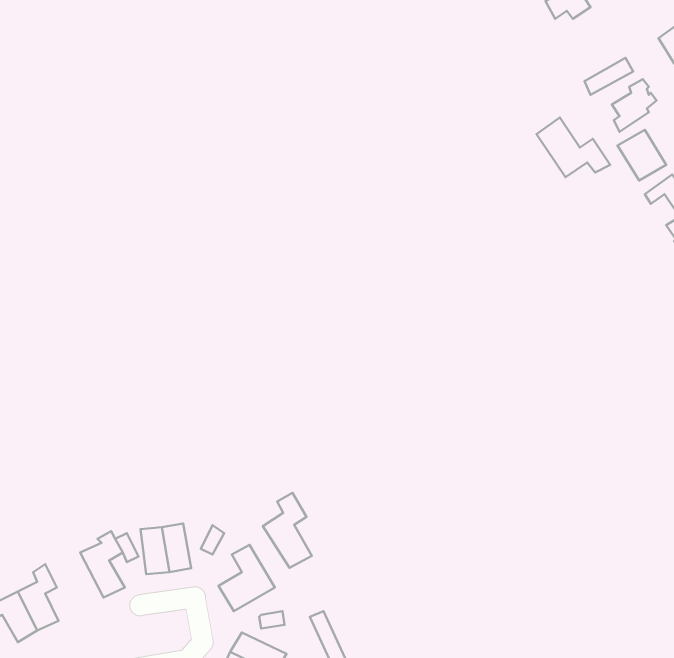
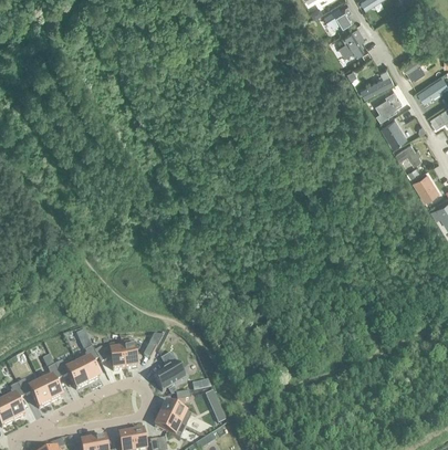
building: [537,117,610,177] -> none
building: [263,493,312,568] -> none
building: none -> [55,357,88,389]

